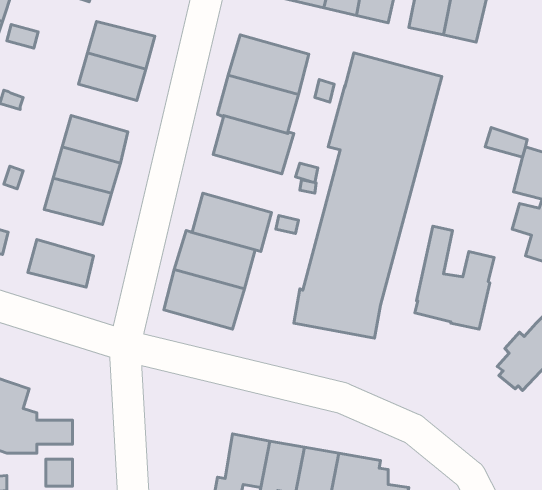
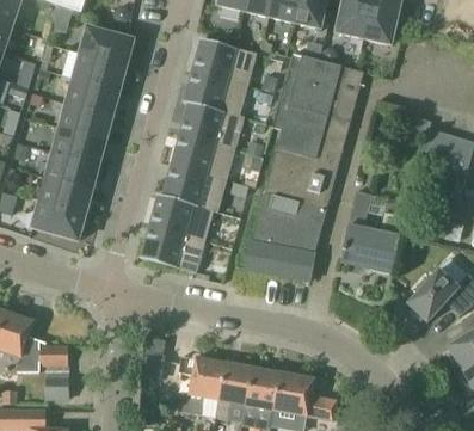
building: none -> [66,78,118,116]
building: none -> [171,134,234,180]
building: none -> [38,178,91,215]

